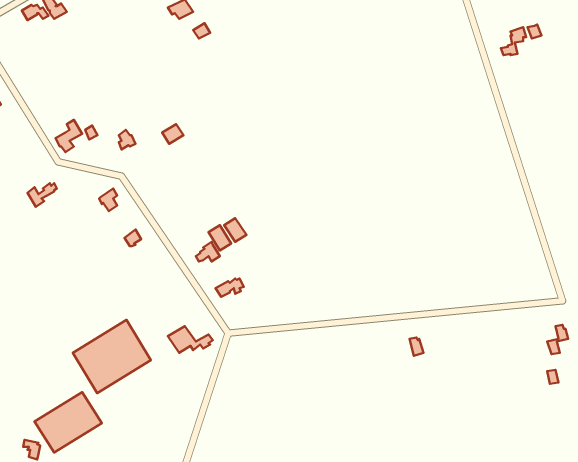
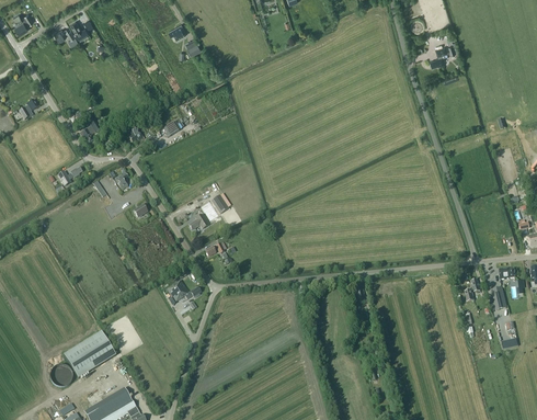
building: [73,320,151,393] -> none

